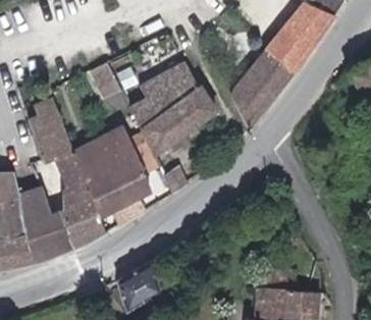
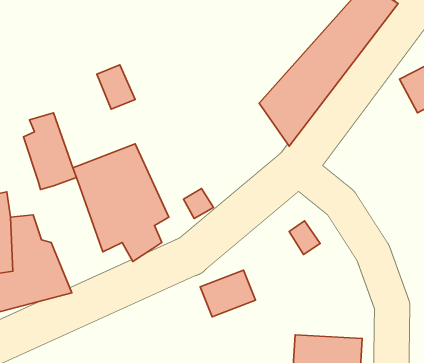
building: [129,57,221,146] -> none
building: [53,155,105,253] -> none
building: [117,267,164,307] -> [200,270,255,317]

